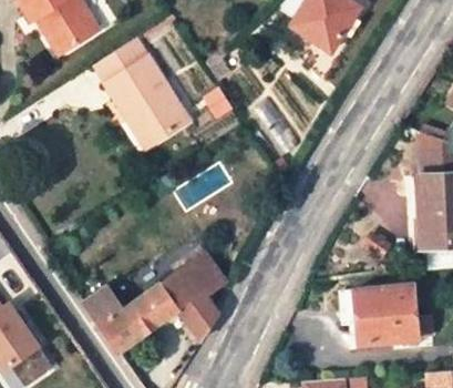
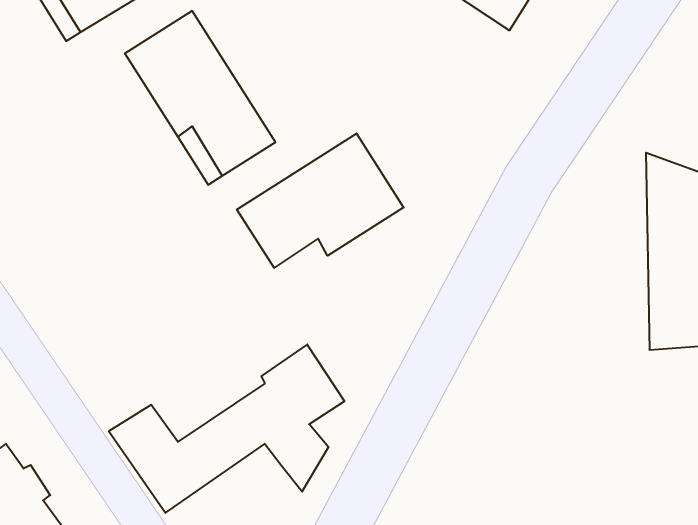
building: none -> [237,133,404,268]
building: [338,283,430,344] -> none

